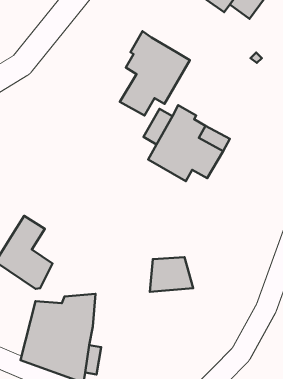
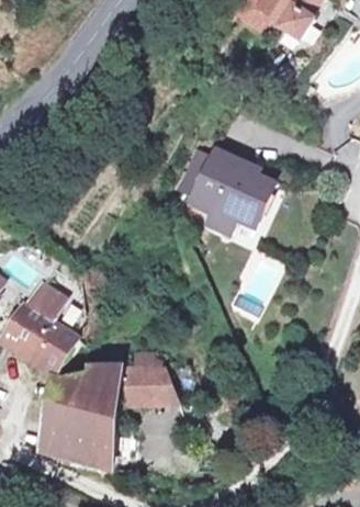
building: [120,31,190,116] -> none
building: [150,257,193,292] -> [120,365,170,406]

